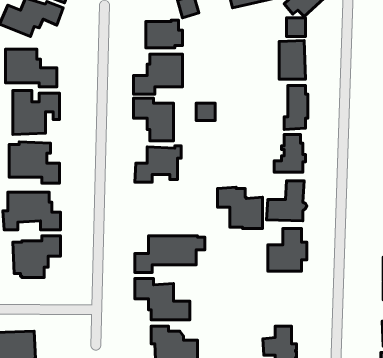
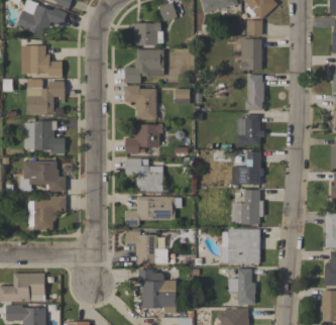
building: [217,187,263,228] -> [126,157,162,191]
building: none -> [223,227,260,263]

